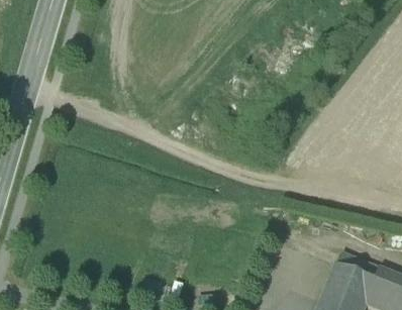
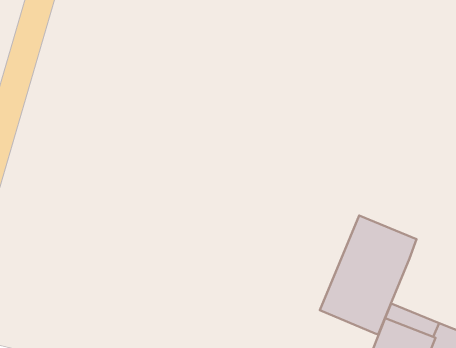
building: none -> [320,215,417,335]

